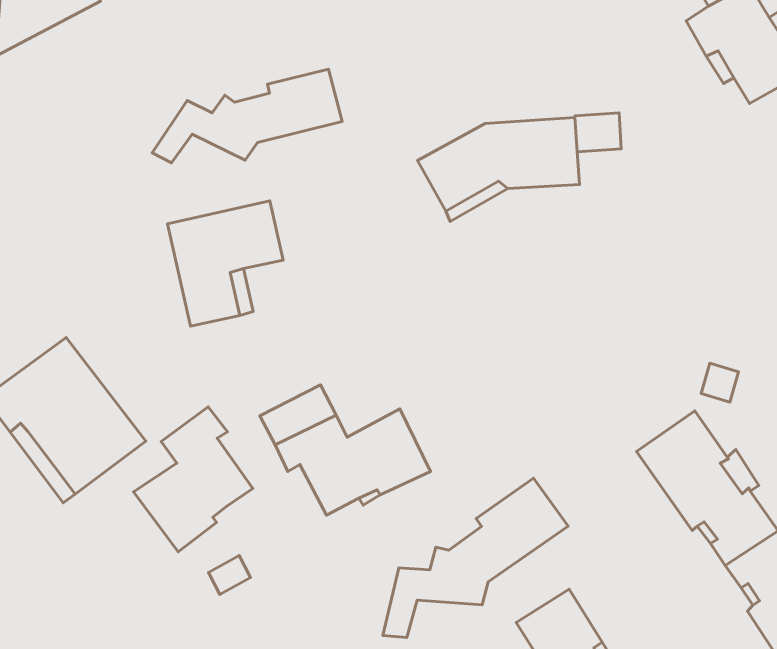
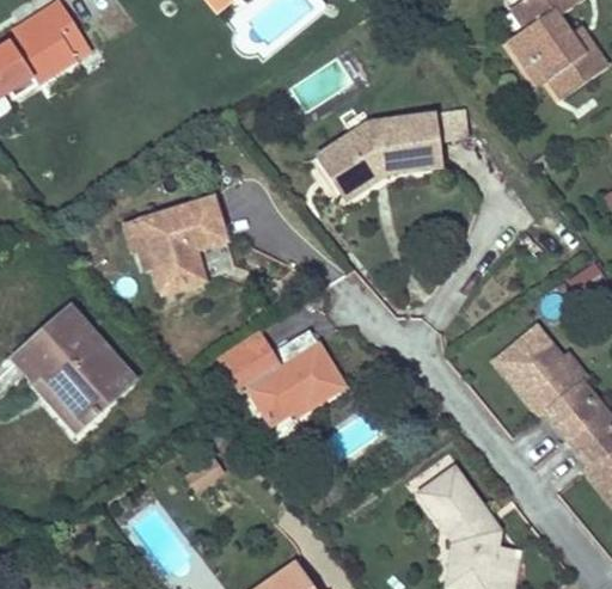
building: [152,69,342,163] -> none
building: [133,407,253,552] -> none
building: [383,478,568,637] -> none

